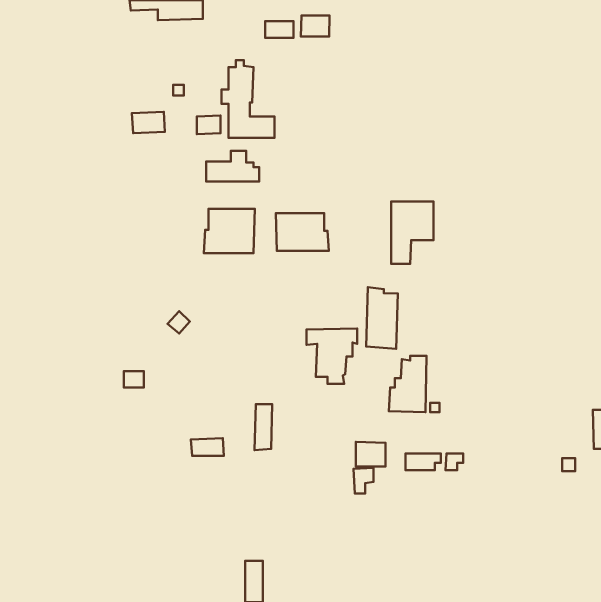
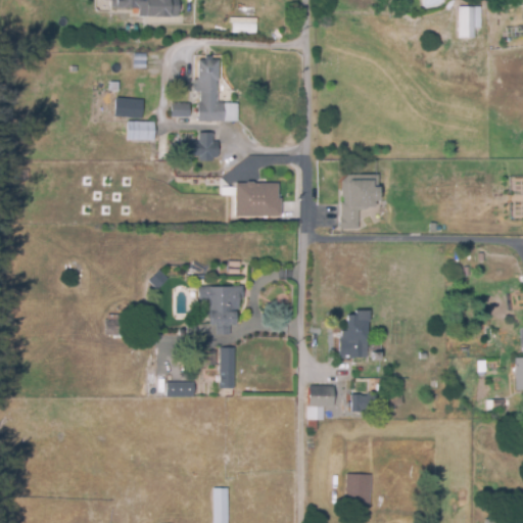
building: none -> [455,7,480,38]
building: [301,16,330,36] -> none
building: none -> [129,120,155,139]
building: [204,209,255,253] -> none
building: [366,287,398,349] -> none
building: [306,328,357,384] -> [195,287,239,335]
building: none -> [345,472,372,507]

